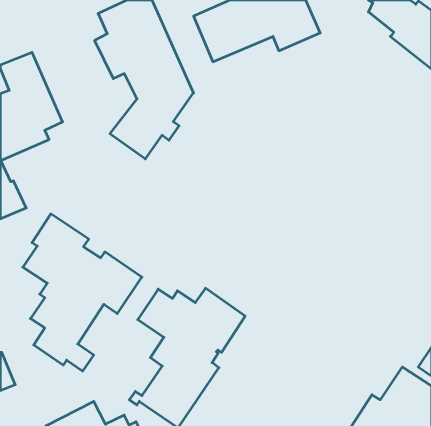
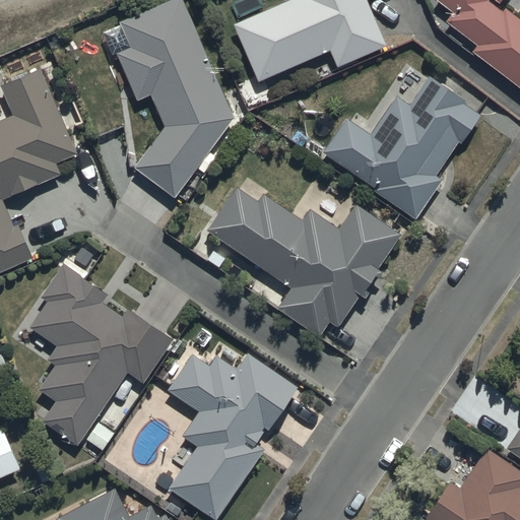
building: none -> [323,77,480,220]
building: none -> [207,188,401,336]

